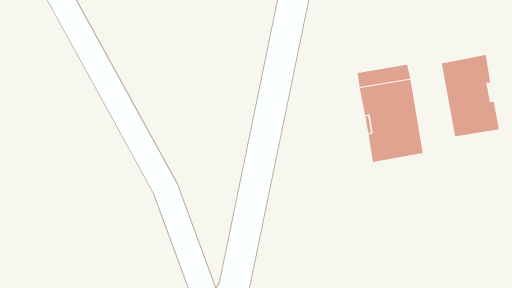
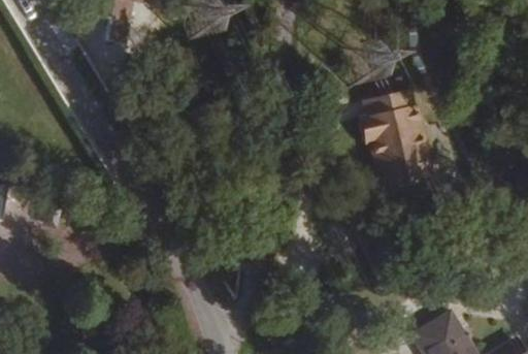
building: [441,54,499,137] -> none

